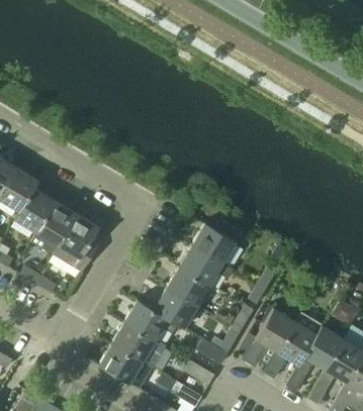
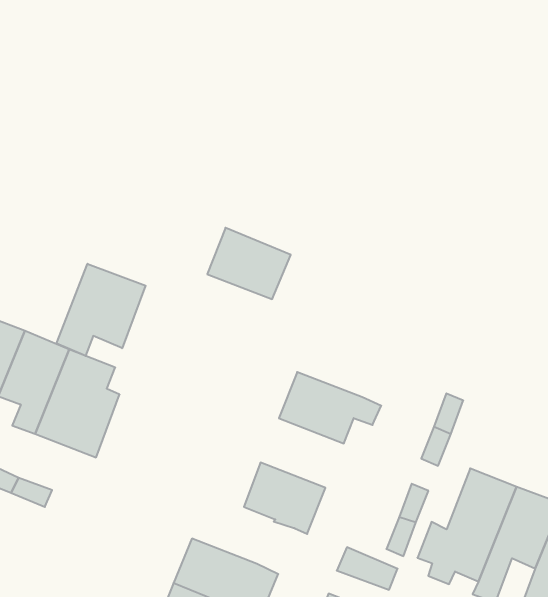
building: none -> [56,264,146,356]
building: [192,222,237,263] -> [207,228,291,299]
building: [166,267,210,306] -> none
building: [124,299,178,339] -> none

